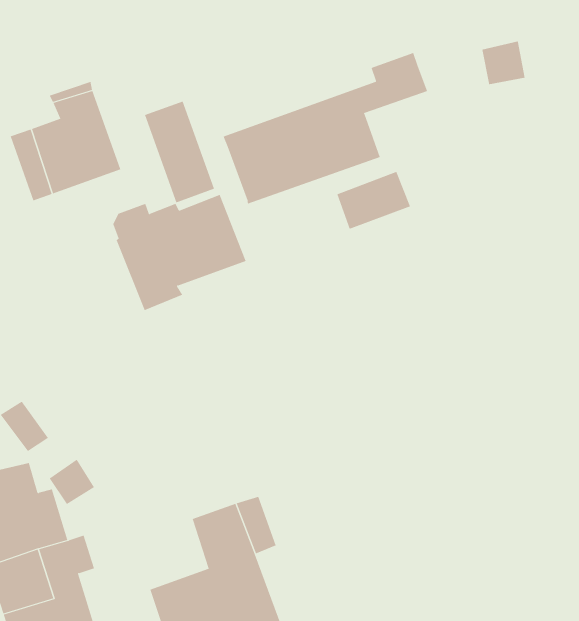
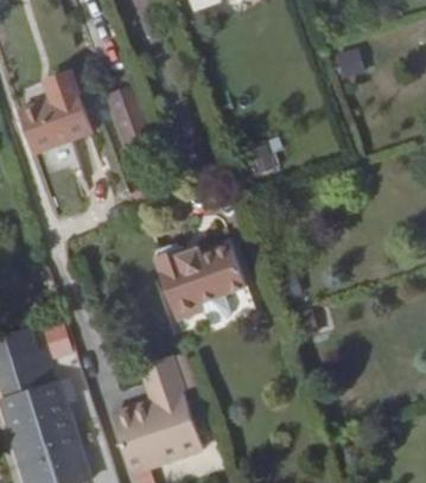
building: [223,52,428,204] -> none
building: [112,194,247,311] -> [155,242,246,320]

